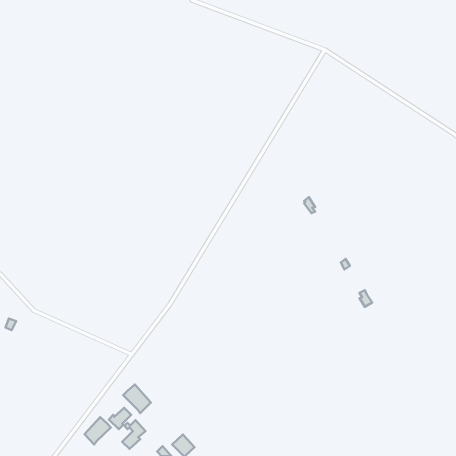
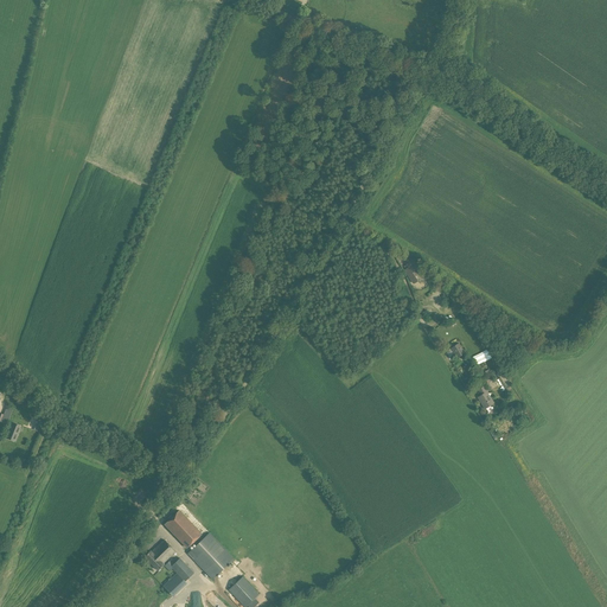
building: none -> [187,533,234,580]
building: [84,417,111,444] -> none

